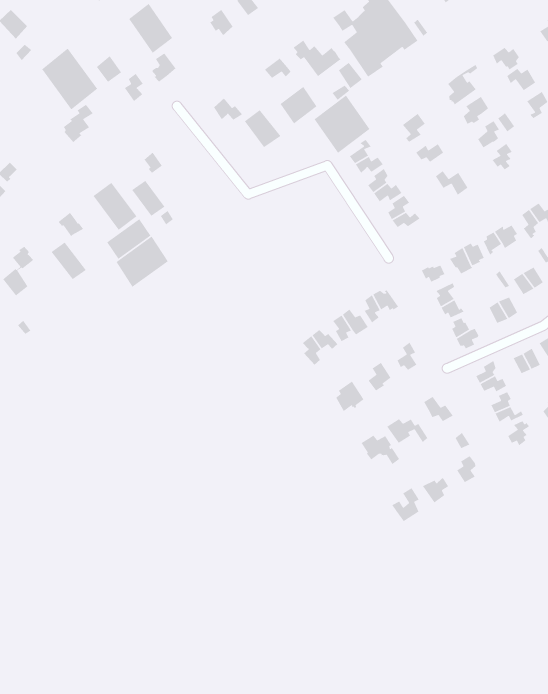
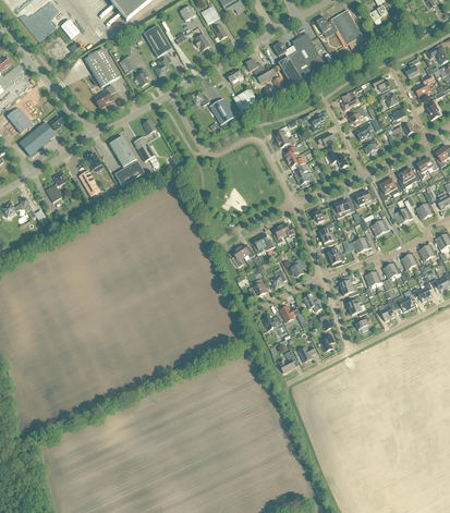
building: [313,94,371,154] -> none
building: [115,235,169,288] -> none

